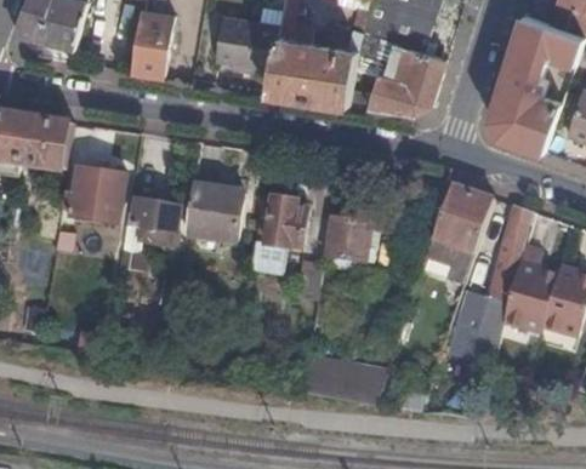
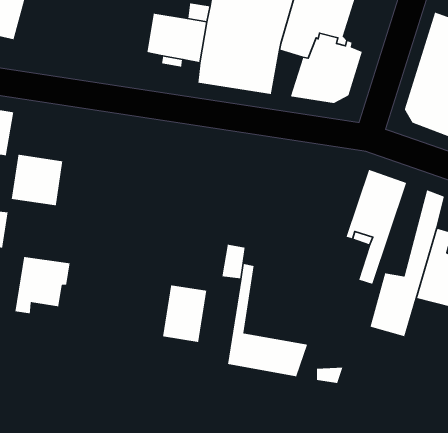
building: [131,11,172,76] -> none
building: [183,185,241,241] -> none
building: [254,195,307,250] -> none
building: [119,199,178,261] -> [15,256,70,314]
building: [322,218,369,262] -> none
building: none -> [162,284,207,343]

